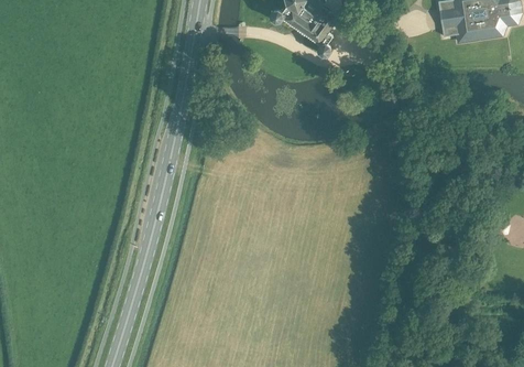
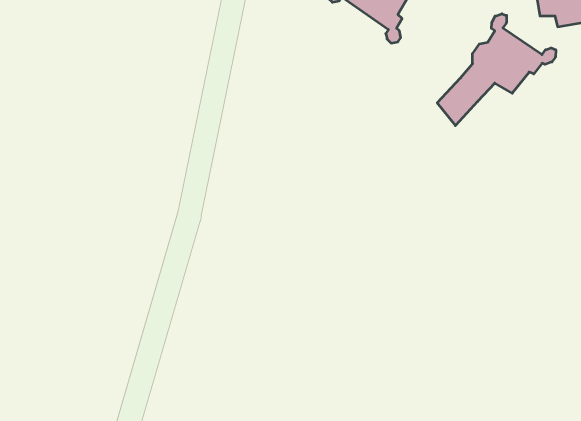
building: none -> [437,14,556,126]

